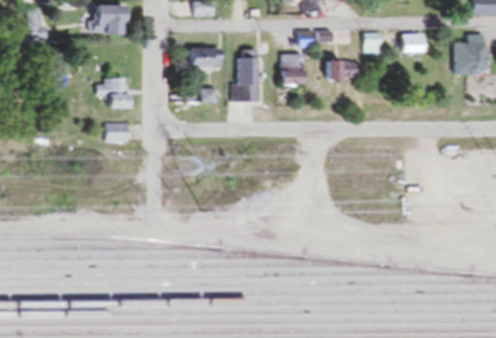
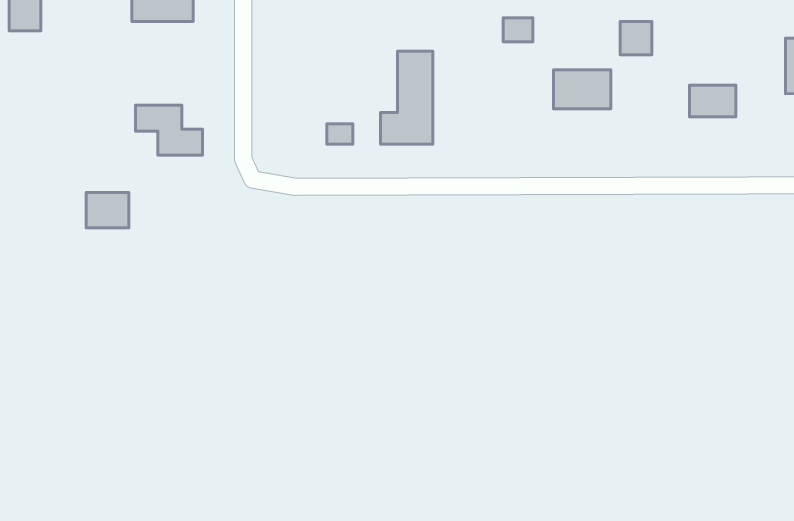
building: [401,34,426,51] -> [689,85,736,117]
building: [190,48,223,67] -> none
building: [281,54,307,85] -> none
building: [105,123,128,142] -> [86,193,129,228]

